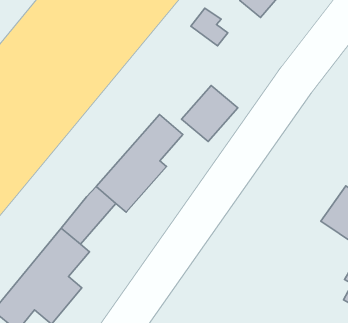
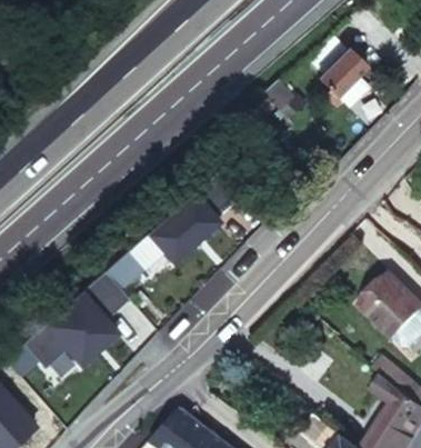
building: [182,86,238,141] -> none

